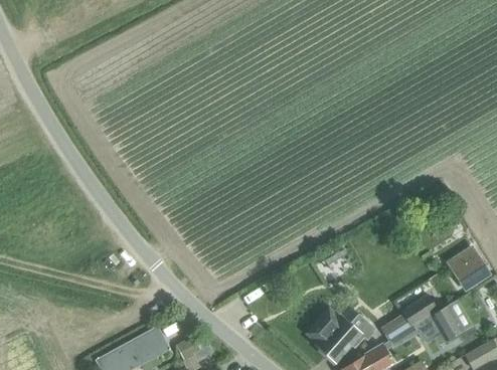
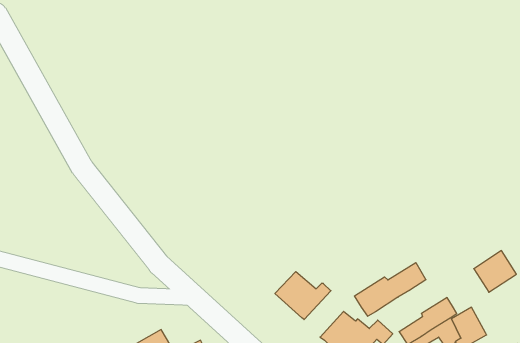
building: none -> [354,263,426,316]
building: none -> [275,272,331,320]

